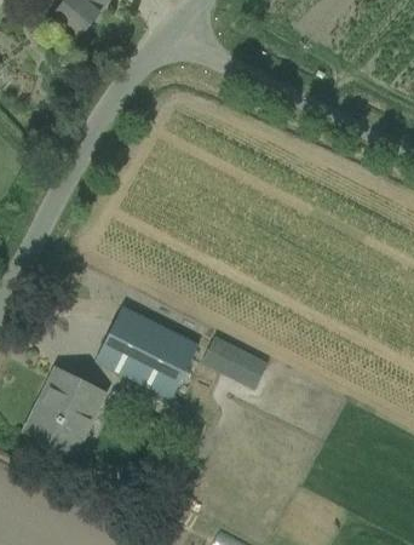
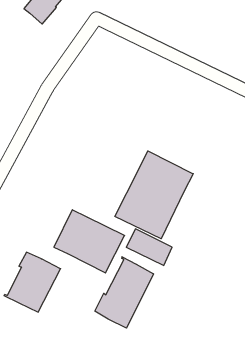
building: none -> [115,151,193,239]
building: none -> [95,257,153,328]

